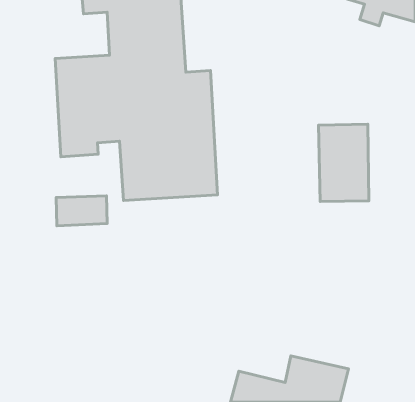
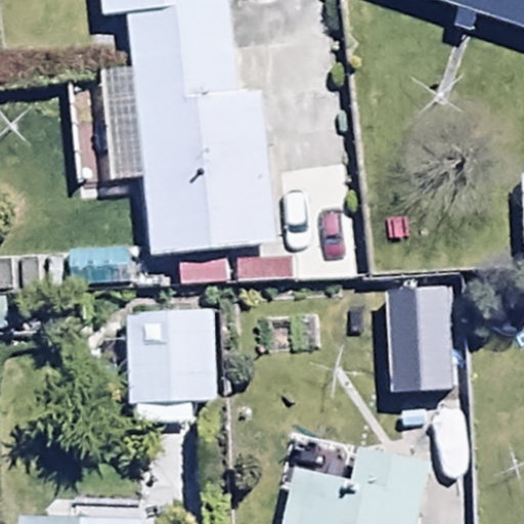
building: [318,124,369,201] -> [391,278,454,376]
building: none -> [103,309,217,422]

